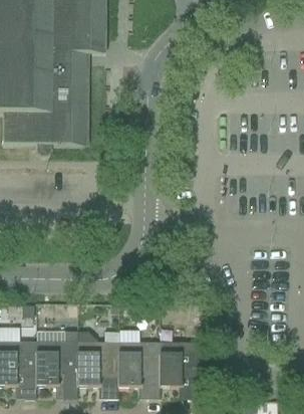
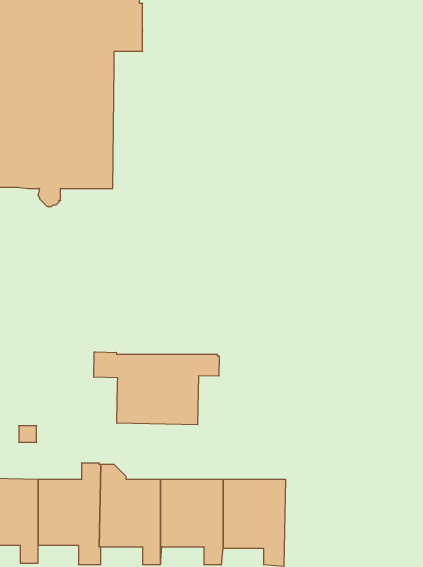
building: none -> [94,352,219,425]

